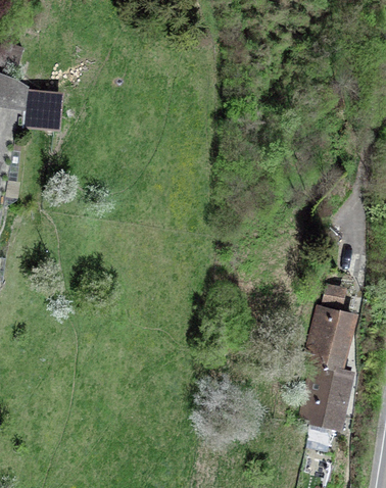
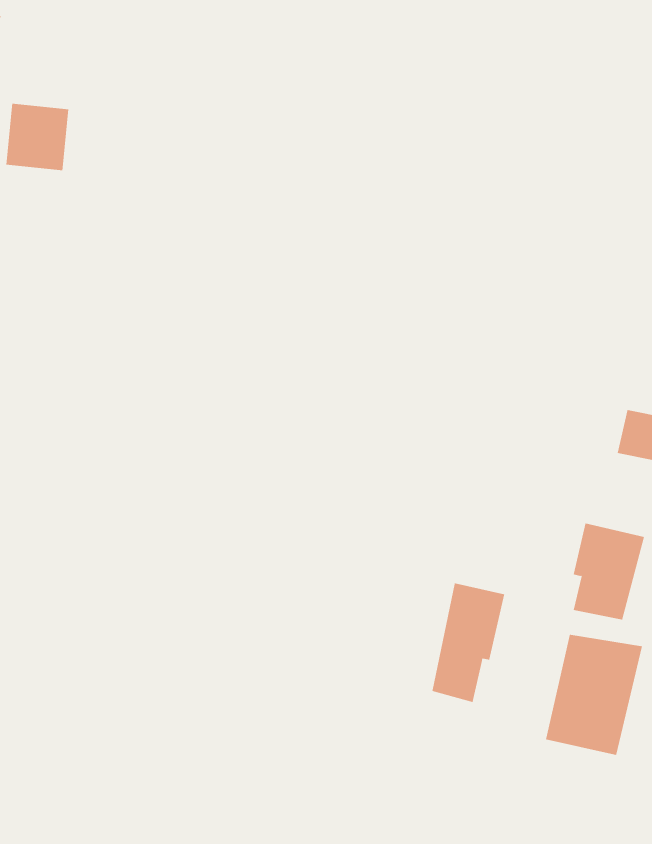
building: none -> [432,583,505,703]

